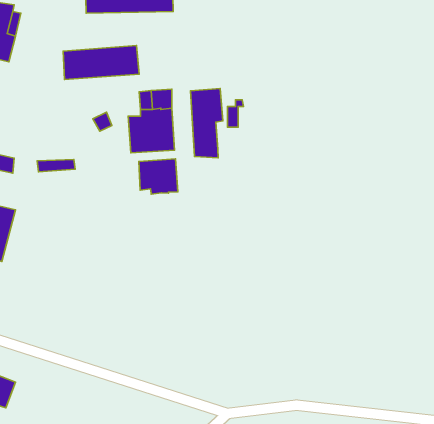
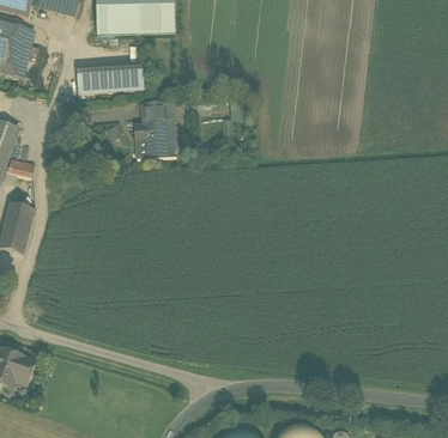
building: [190,89,223,158] -> none
building: [139,159,178,194] -> none

